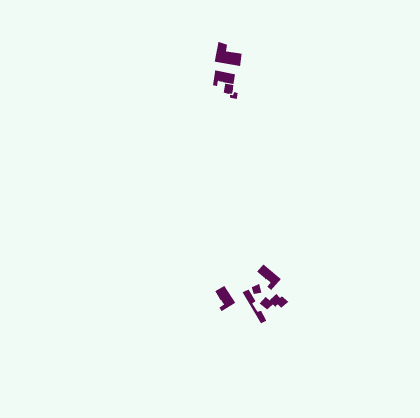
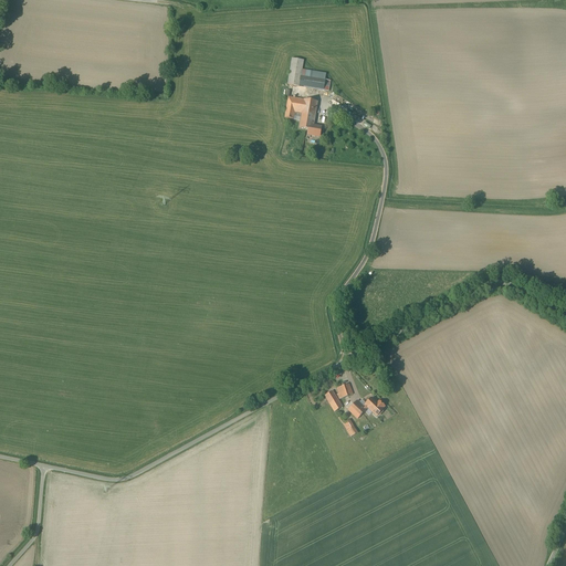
building: [256,263,282,291] -> none
building: [214,285,236,312] -> none

